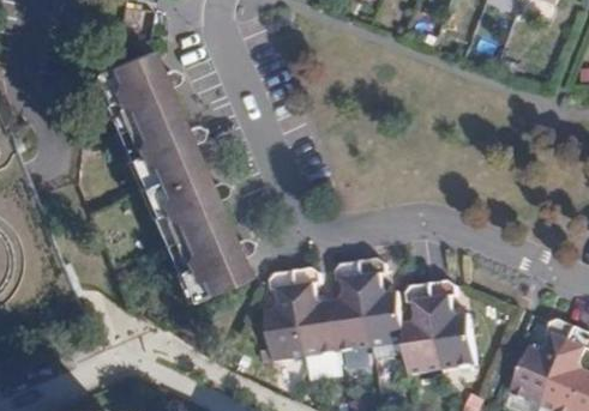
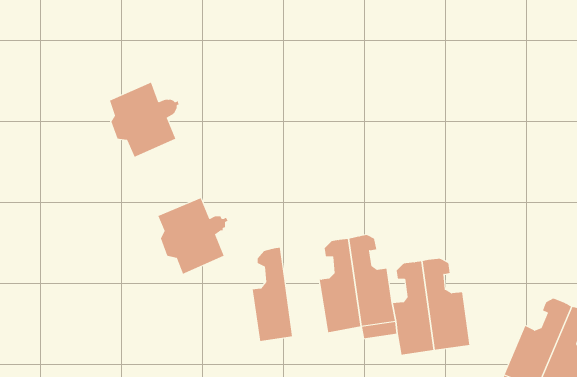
building: [104,53,175,129] -> none
building: [155,167,222,241] -> none
building: [296,268,342,357] -> none

